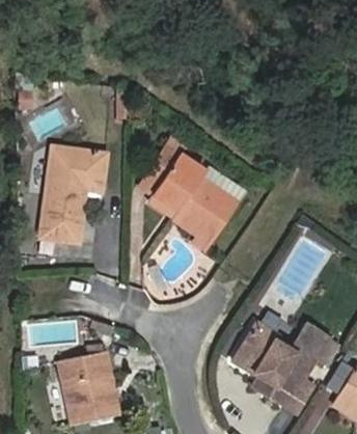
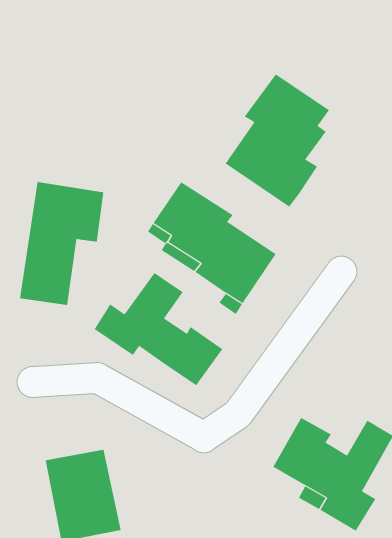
building: none -> [225,73,330,207]
building: none -> [94,272,223,386]

